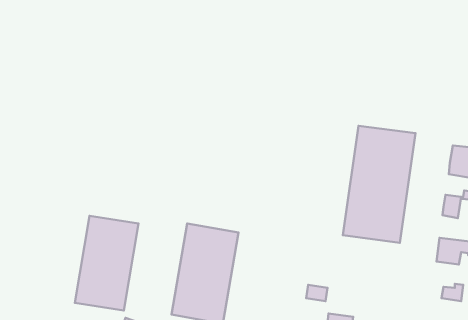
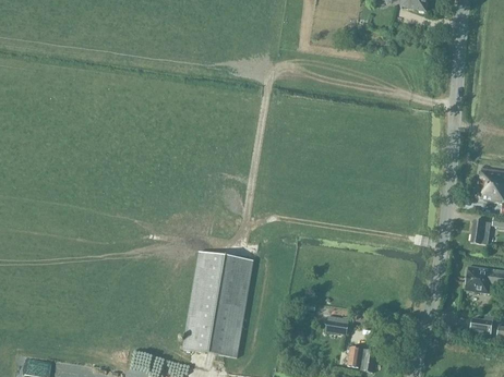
building: [343,126,415,243] -> none
building: [75,216,138,310] -> none

